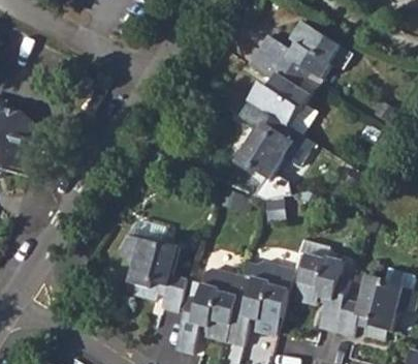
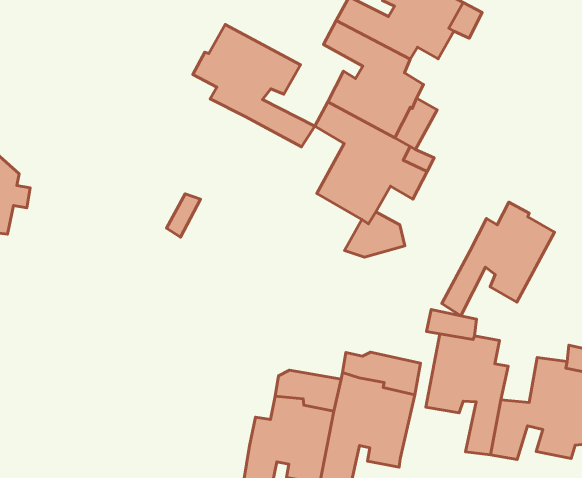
building: none -> [193,25,315,147]
building: none -> [442,202,554,316]
building: [118,217,186,311] -> none

